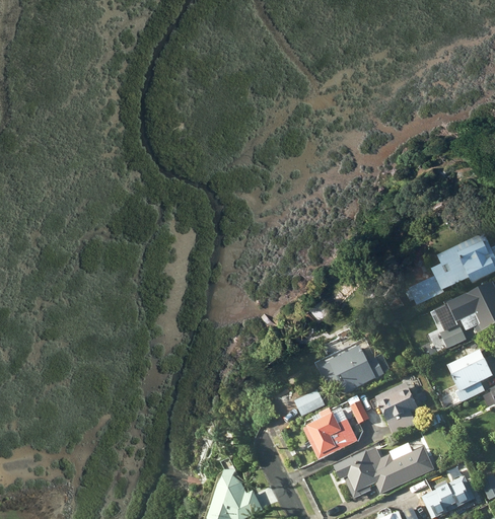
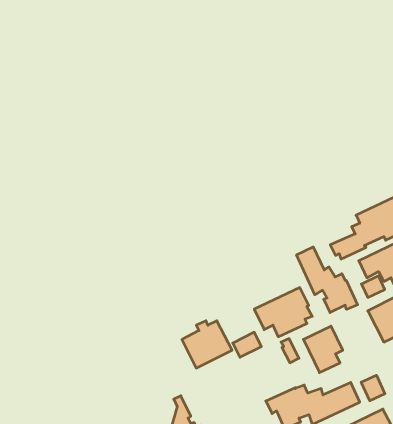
building: none -> [297,247,358,313]
building: [300,407,357,461] -> [182,321,232,368]
building: none -> [361,375,385,401]

